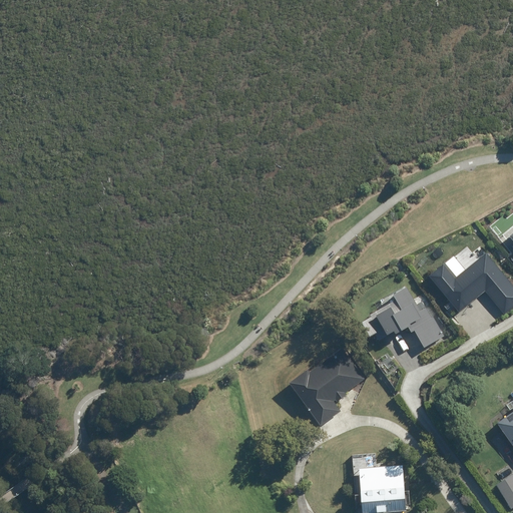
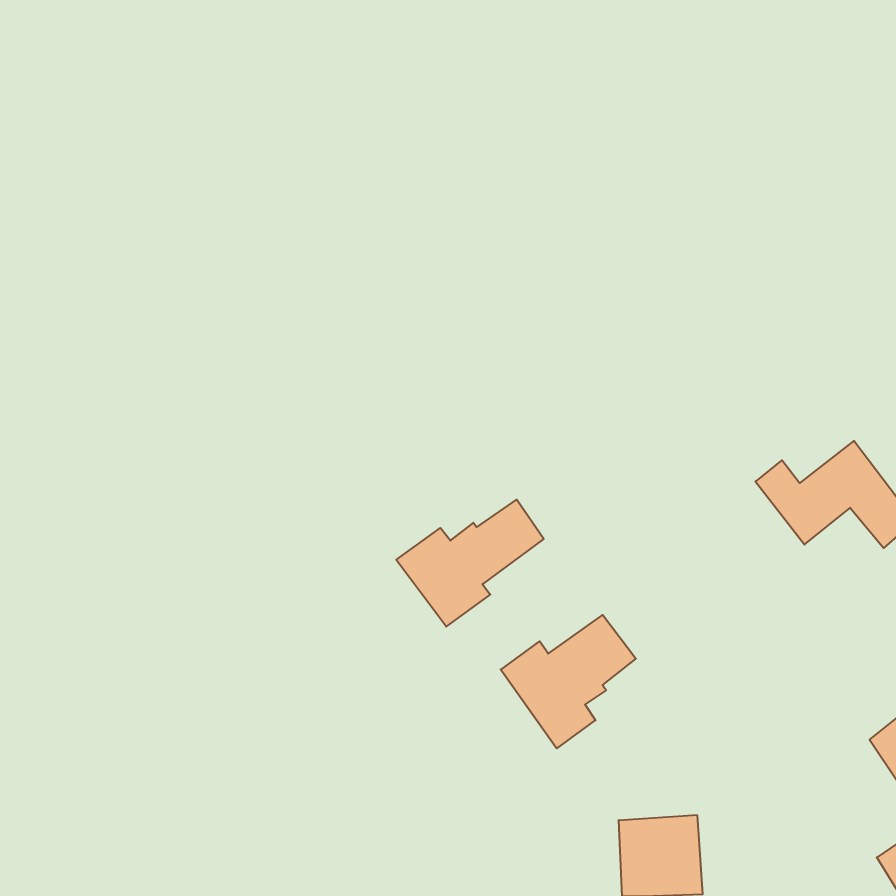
building: none -> [396,500,544,627]
building: [360,286,445,347] -> none

